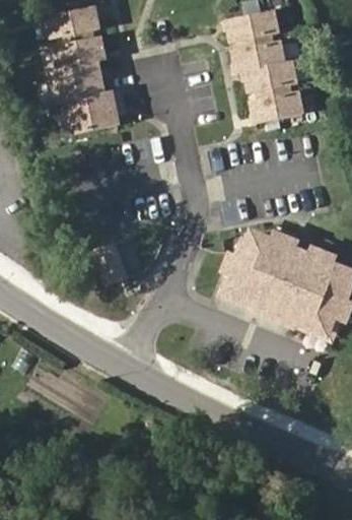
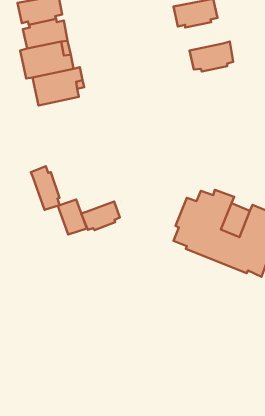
building: [234,38,285,72] -> none
building: [254,88,303,122] -> none
building: none -> [31,166,60,210]
building: none -> [81,201,120,230]

